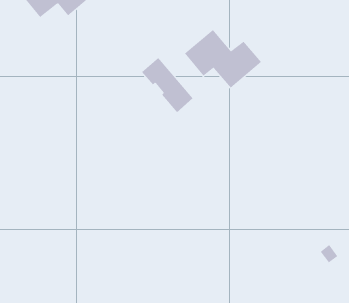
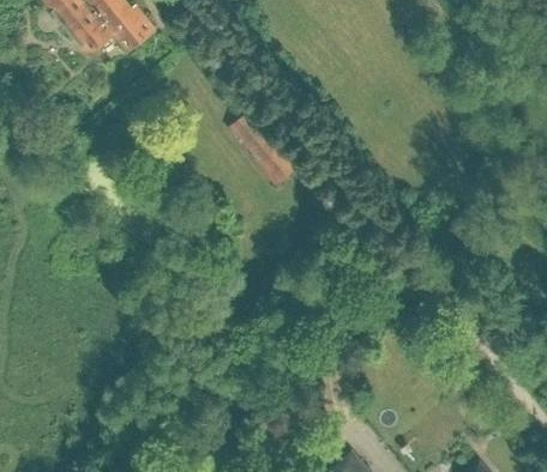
building: [184,29,262,89] -> none

